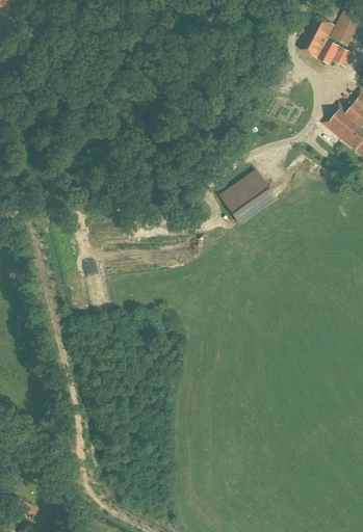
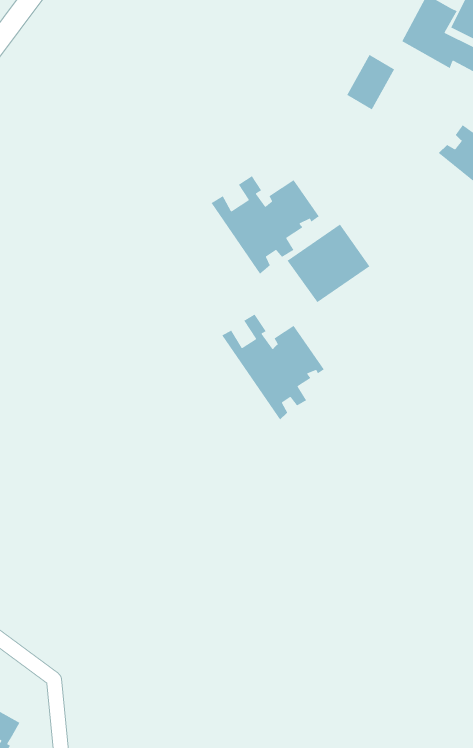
building: none -> [210,175,320,275]
building: none -> [221,313,325,421]

